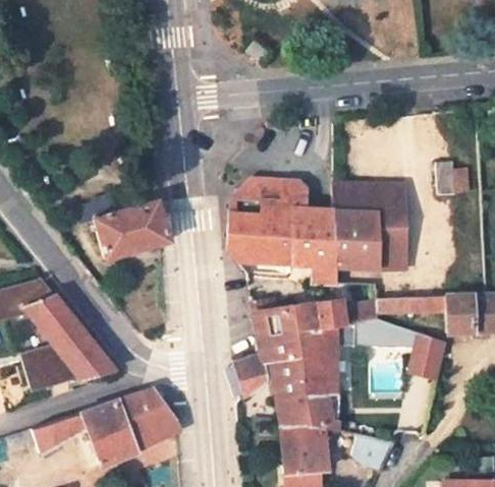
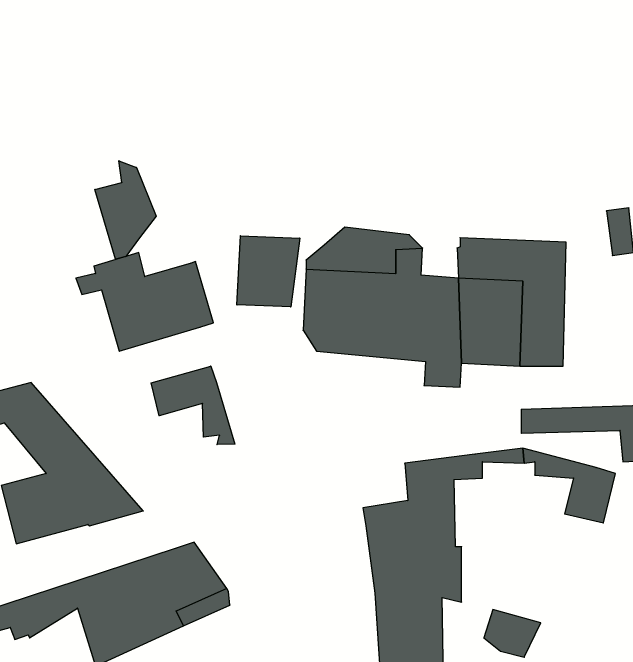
building: none -> [95,161,156,259]
building: none -> [237,236,300,307]
building: none -> [151,366,235,445]
building: [234,303,347,397] -> none

